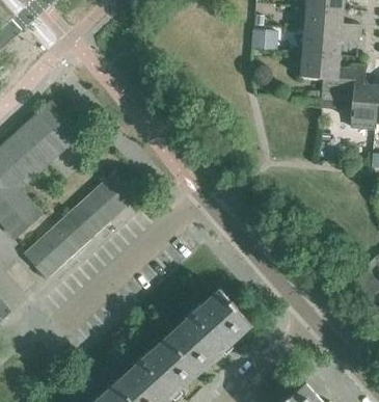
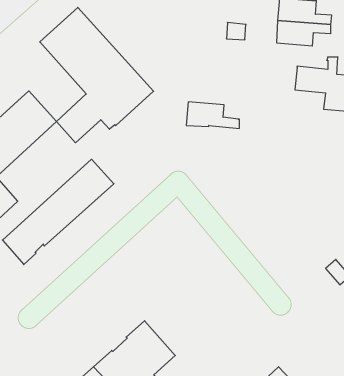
building: none -> [40,7,154,143]
building: [300,53,354,80] -> [186,102,239,128]
building: [168,289,251,371] -> none

